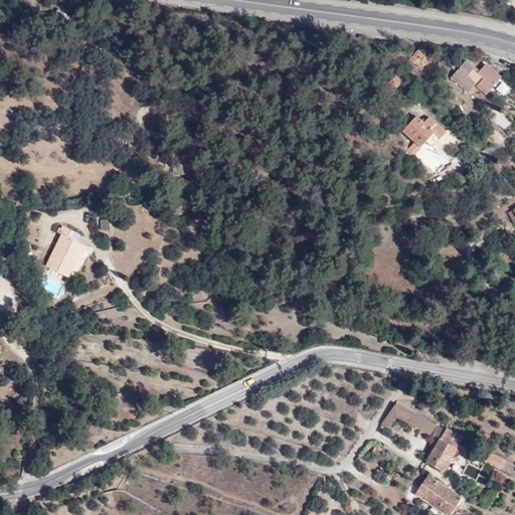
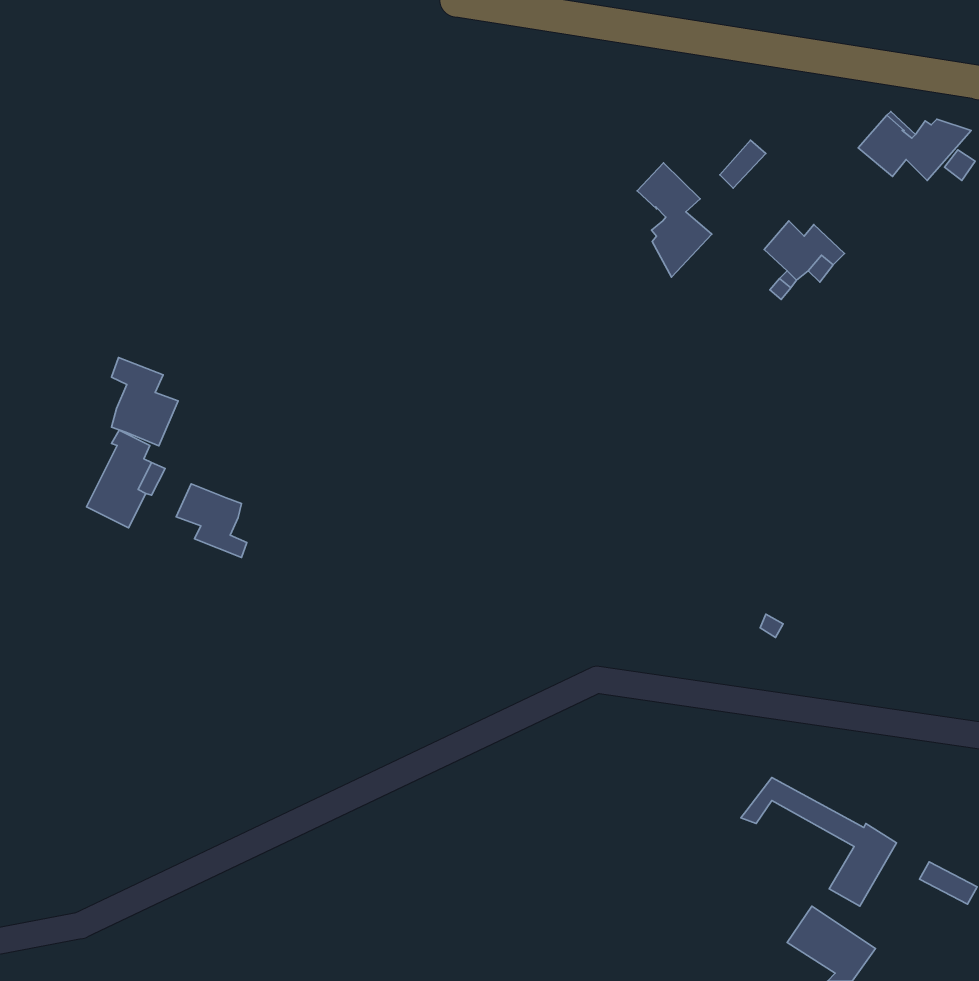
building: none -> [637,163,712,277]
building: none -> [111,357,178,446]
building: none -> [176,484,247,557]

